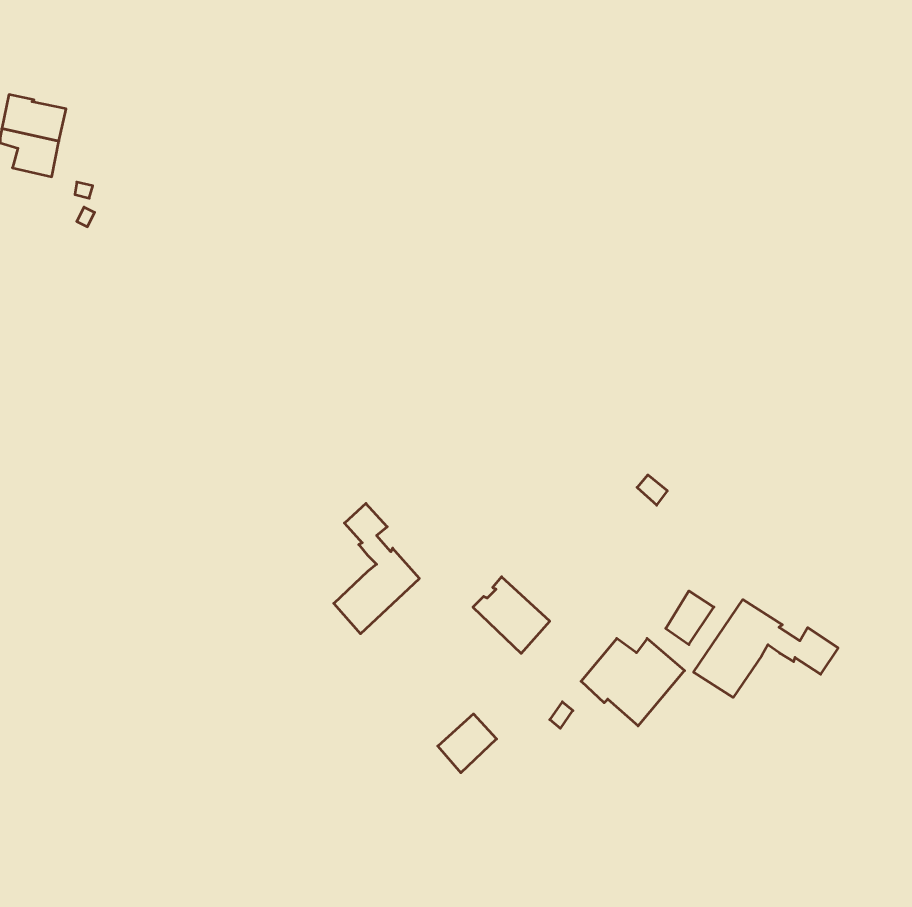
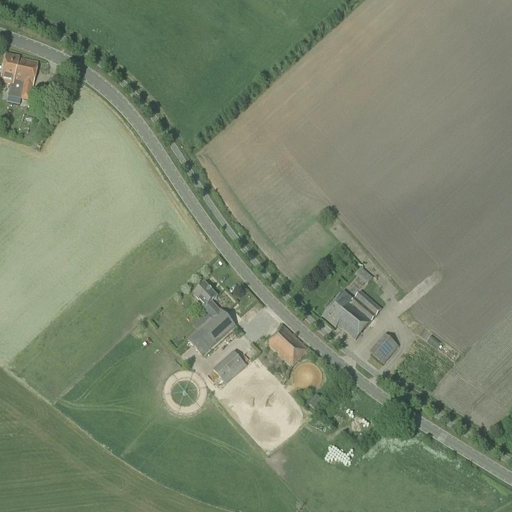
building: [694,600,838,697] -> none
building: [581,638,685,726] -> [322,290,380,339]
building: [438,714,497,773] -> [213,350,246,383]

